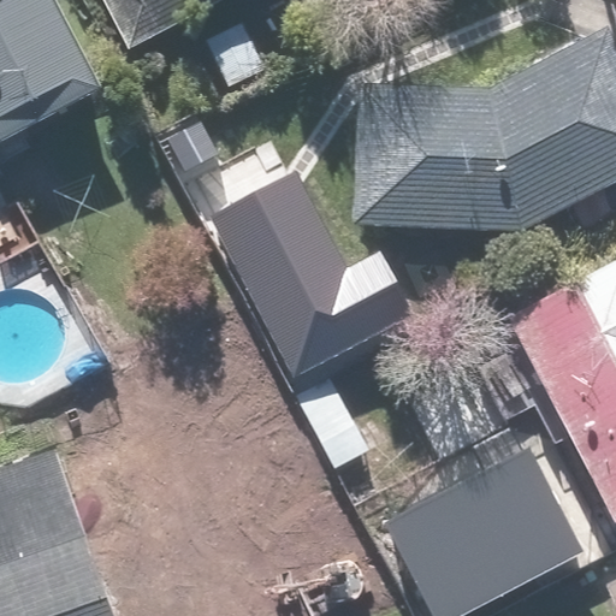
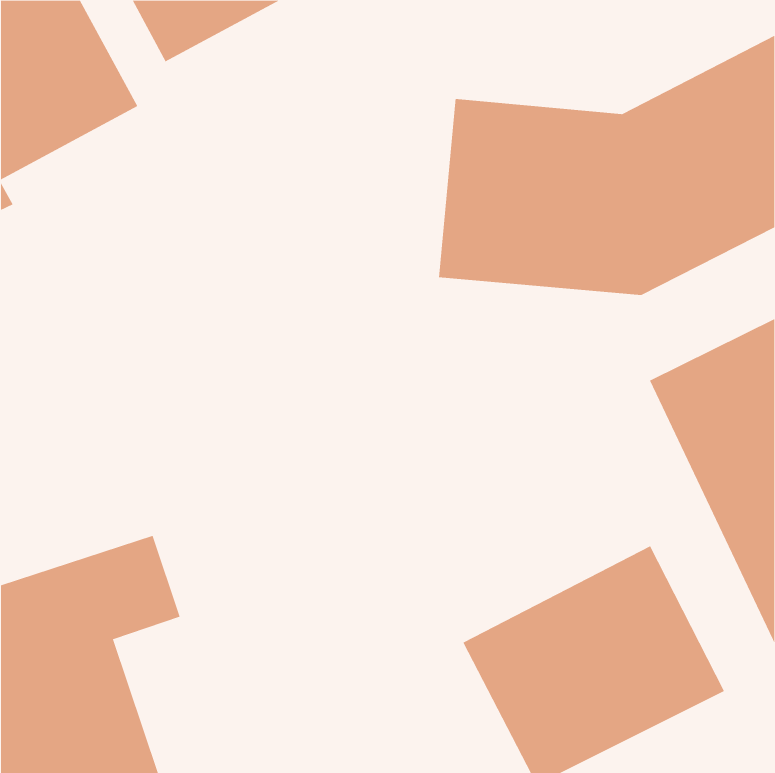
building: [208,168,404,378] -> none

